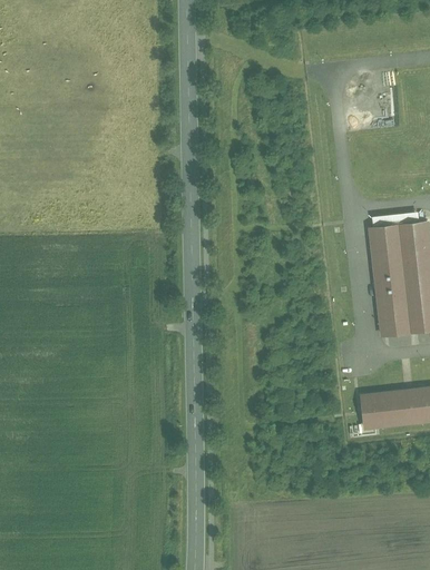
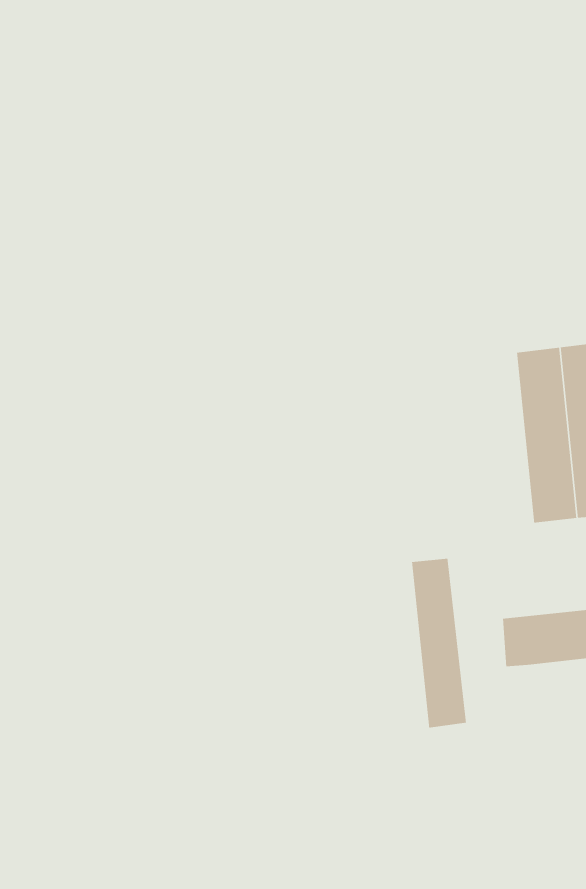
building: none -> [411,558,467,728]

